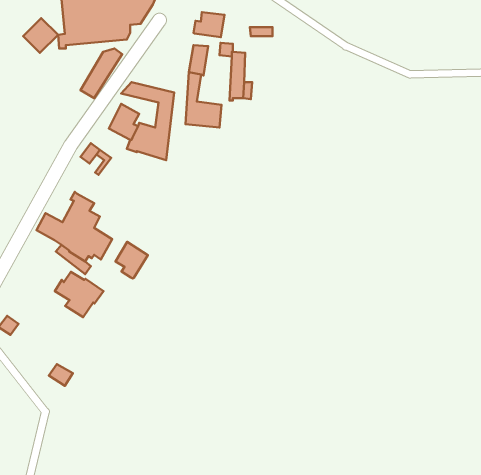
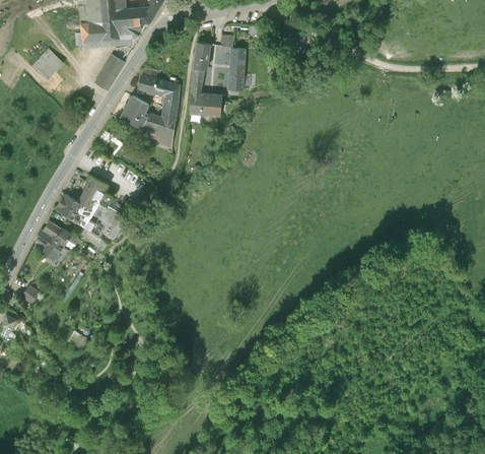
building: [194,12,224,37] -> none
building: [23,18,58,53] -> [31,48,63,79]
building: [116,242,148,279] -> none
building: [55,272,103,317] -> [34,221,78,262]

